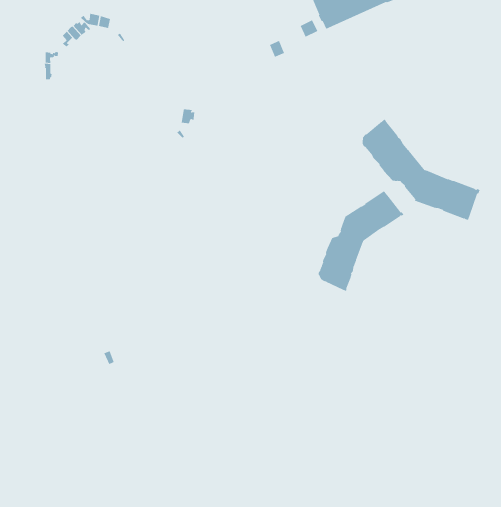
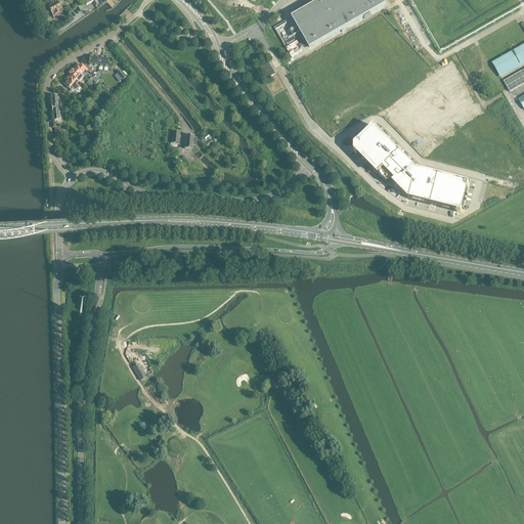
building: [318,191,404,292] -> none

